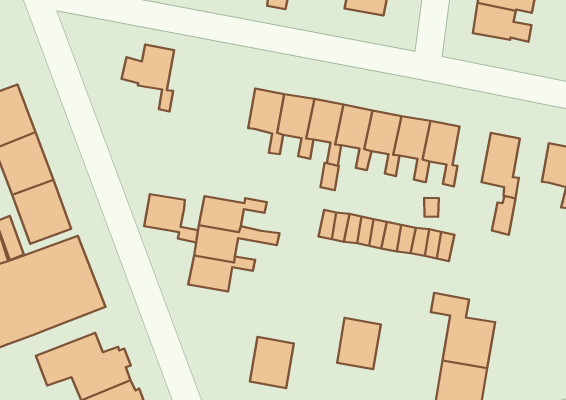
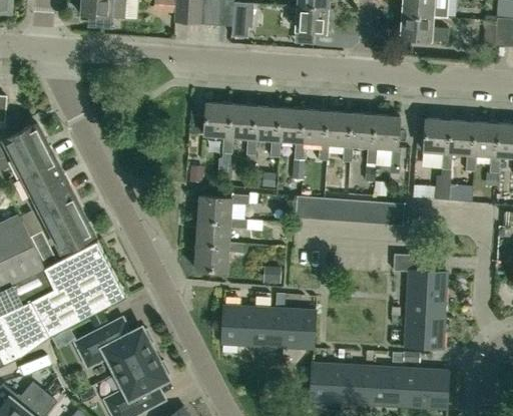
building: [121,44,174,111] -> [189,103,232,155]
building: none -> [447,121,476,172]
building: [144,194,198,242] -> none
building: [337,318,381,369] -> [283,309,315,348]
building: none -> [221,306,254,344]

